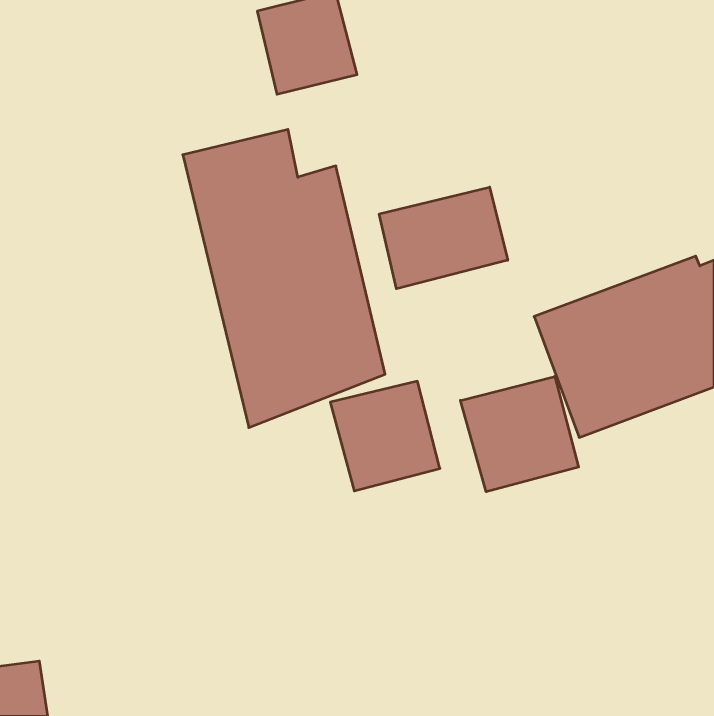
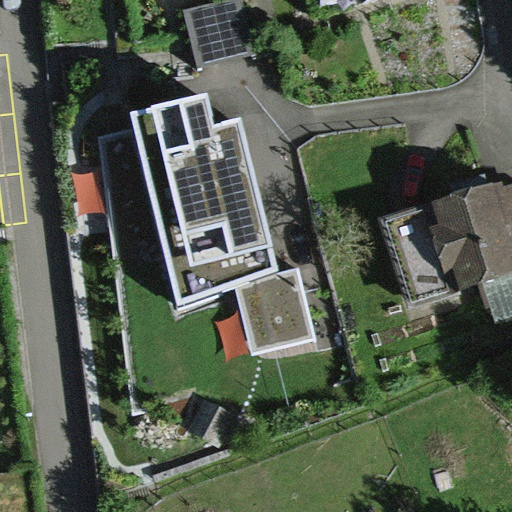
building: [379,187,508,289] -> none
building: [460,376,579,492] -> none

